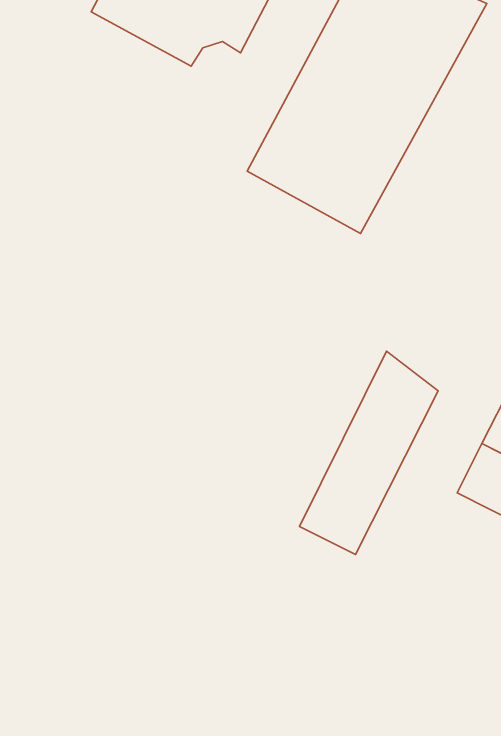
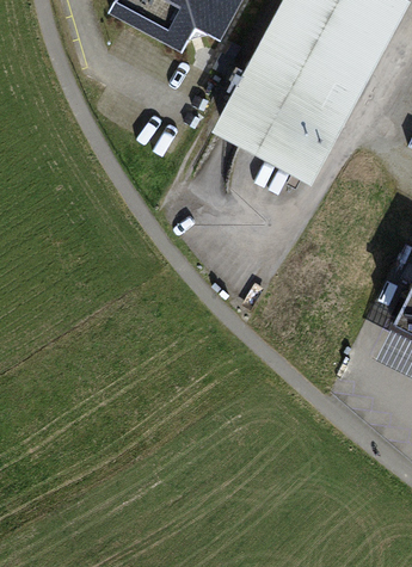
building: [300,351,438,555] -> none

